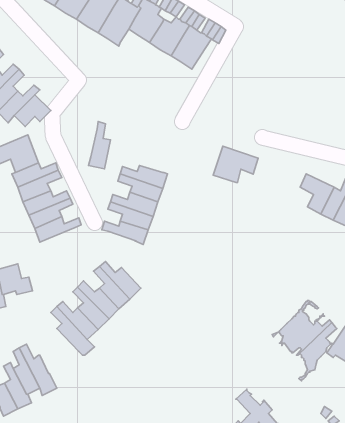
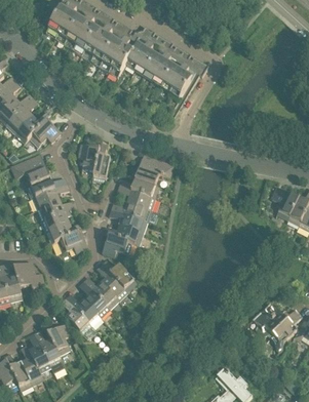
building: none -> [77,144,99,171]
building: [213,146,258,183] -> [134,154,172,185]
building: none -> [57,231,87,253]
building: none -> [102,234,131,256]
building: none -> [46,322,73,354]

